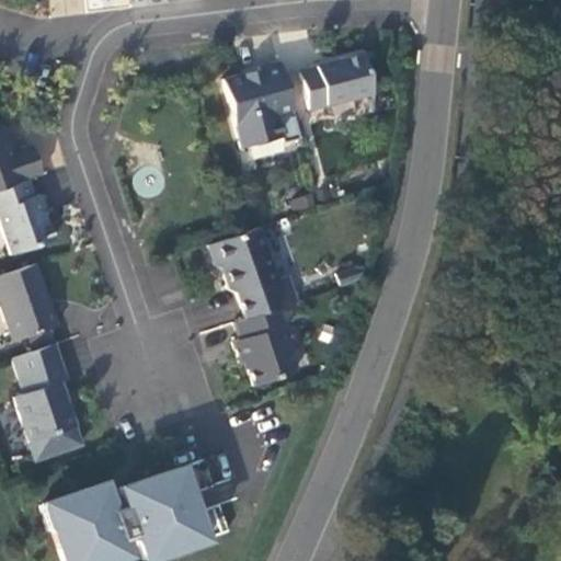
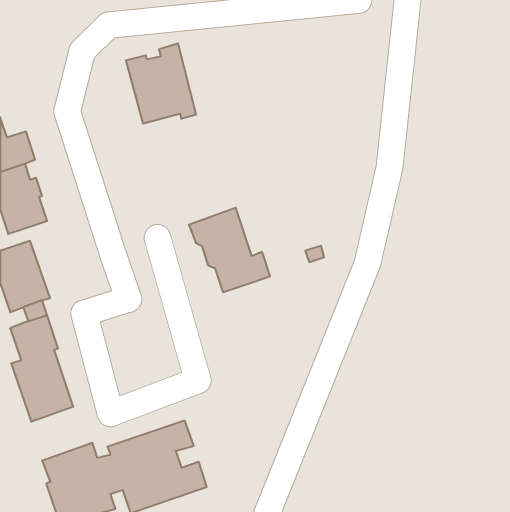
building: [300,55,374,110] -> none
building: [224,61,300,149] -> [126,43,196,124]
building: [233,309,298,387] -> none

